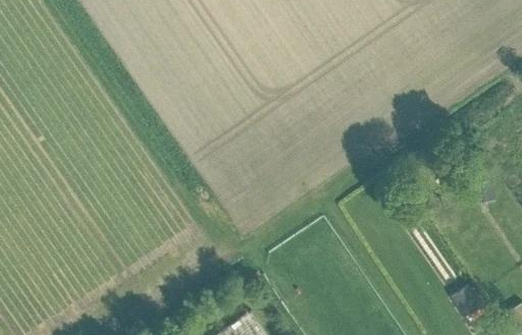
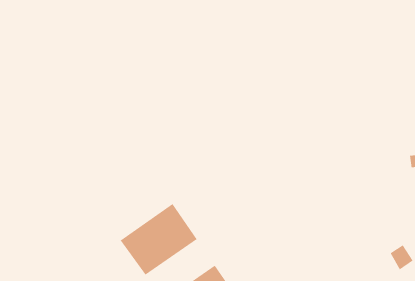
building: none -> [120,203,198,276]

